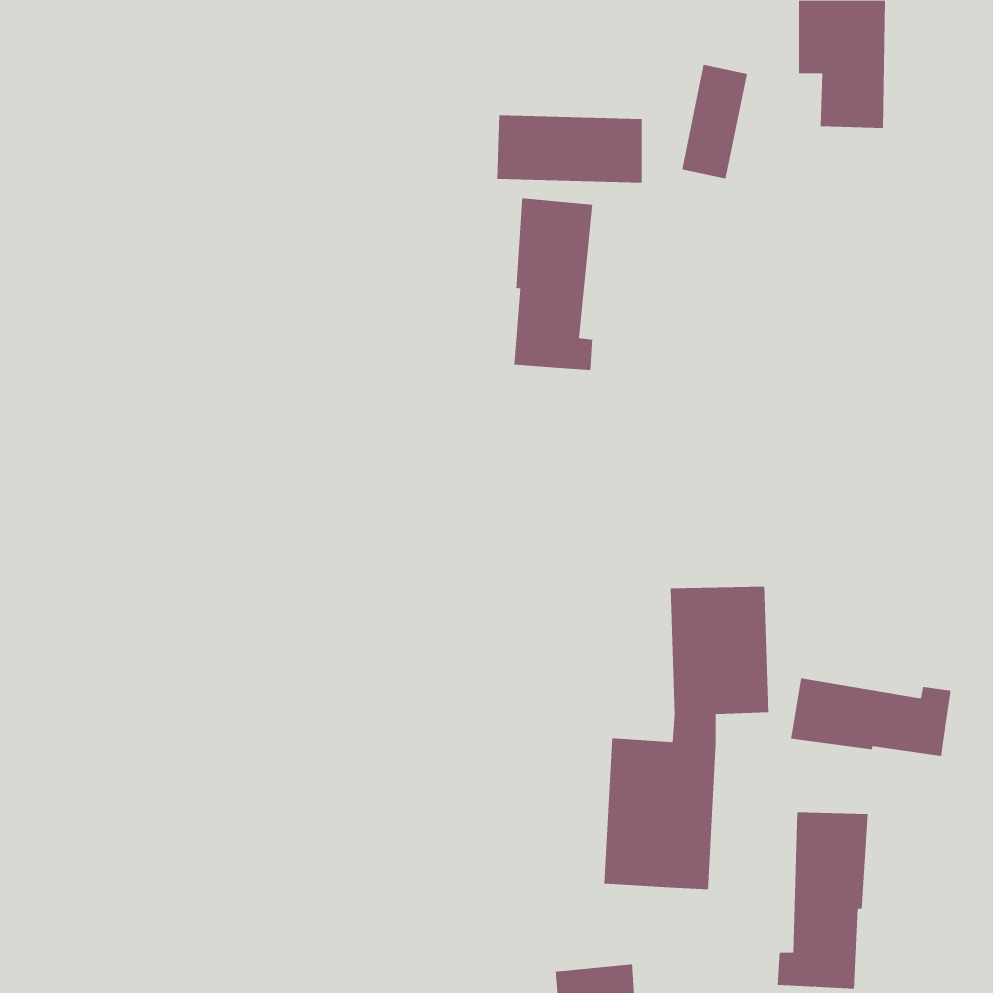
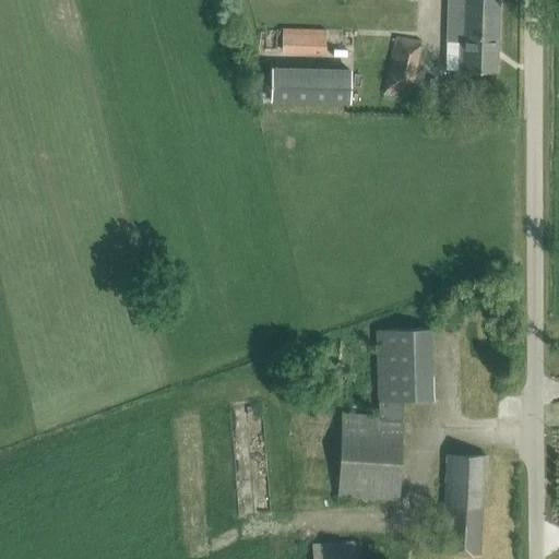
building: none -> [282,29,326,56]
building: [514,197,593,371] -> none
building: [790,678,951,757] -> none

